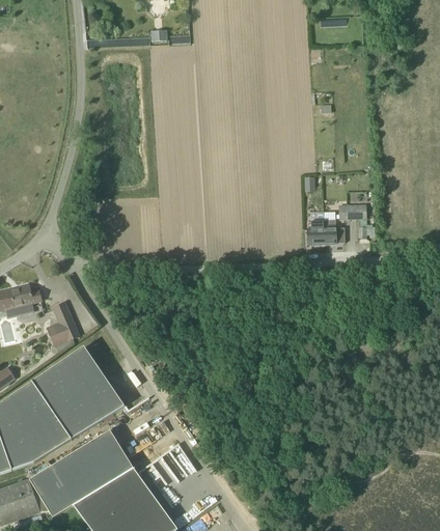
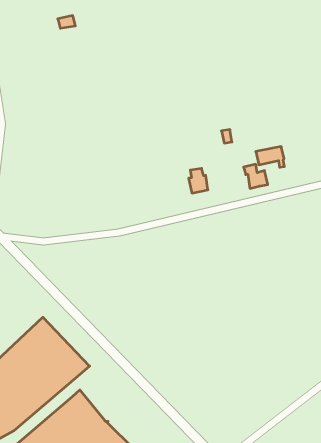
building: [307,220,326,245] -> [189,168,208,193]
building: [46,303,79,346] -> none

